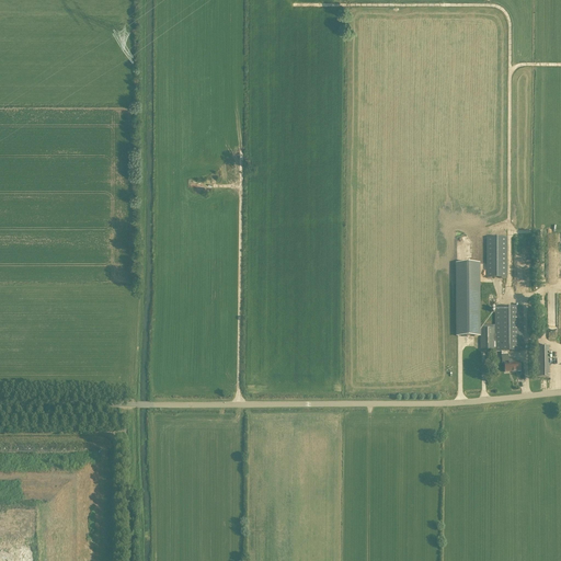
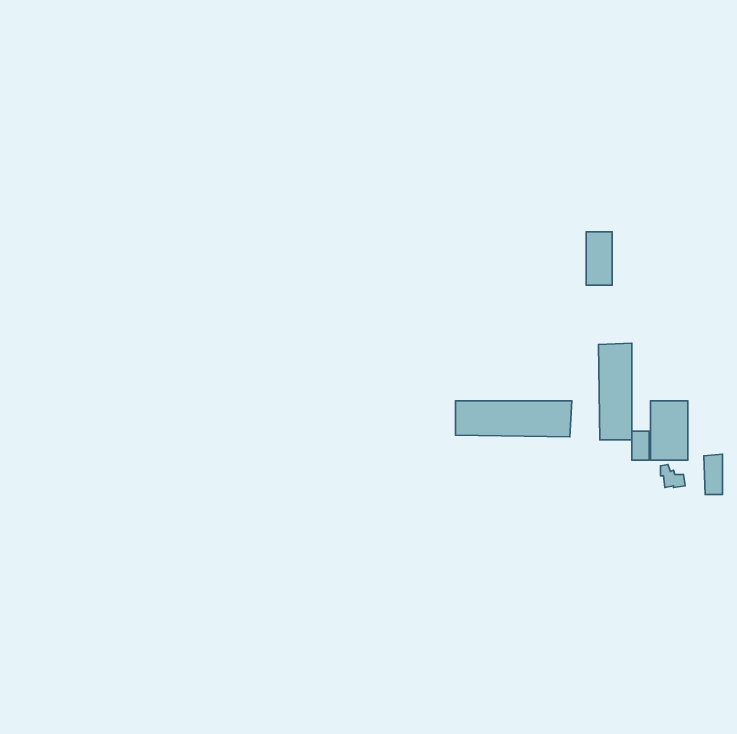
building: [486,236,506,276] -> [586,232,612,285]
building: none -> [455,401,572,437]

